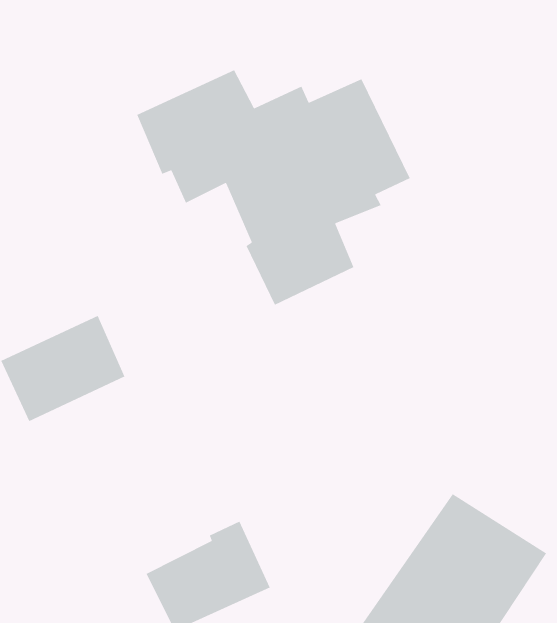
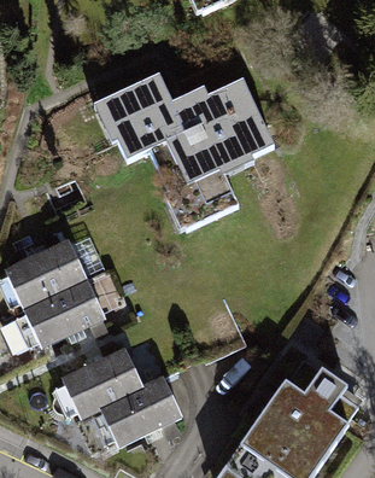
building: none -> [22,278,105,349]
building: none -> [59,345,142,418]

